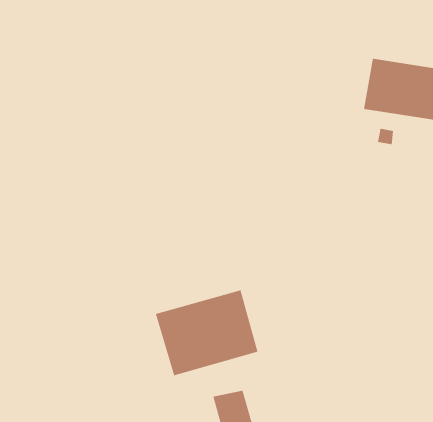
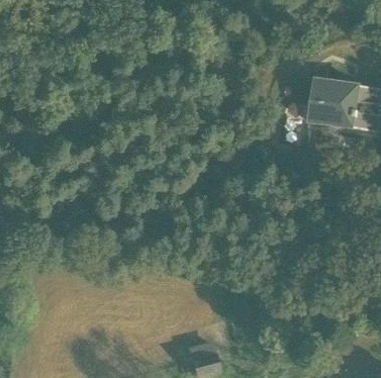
building: [155,289,258,376] -> none

